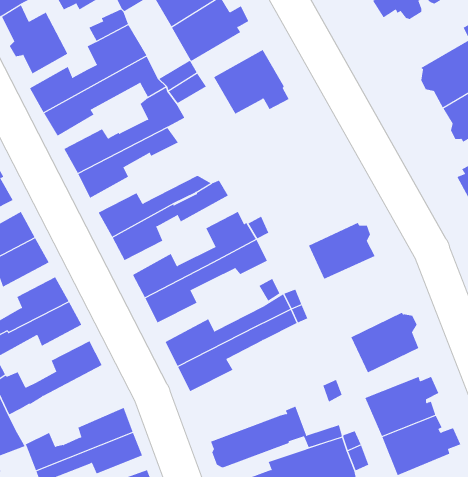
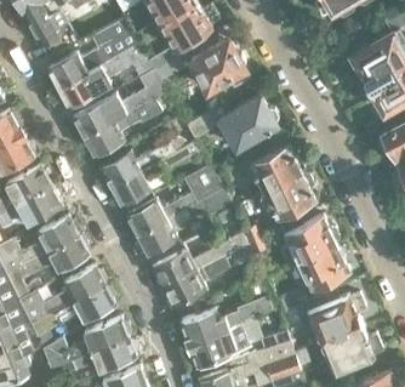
building: none -> [186,96,278,149]
building: none -> [250,146,304,194]
building: none -> [280,217,338,269]
building: none -> [30,288,114,338]
building: none -> [178,298,272,347]

